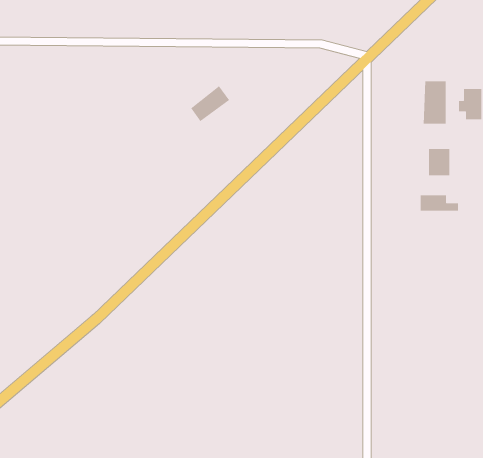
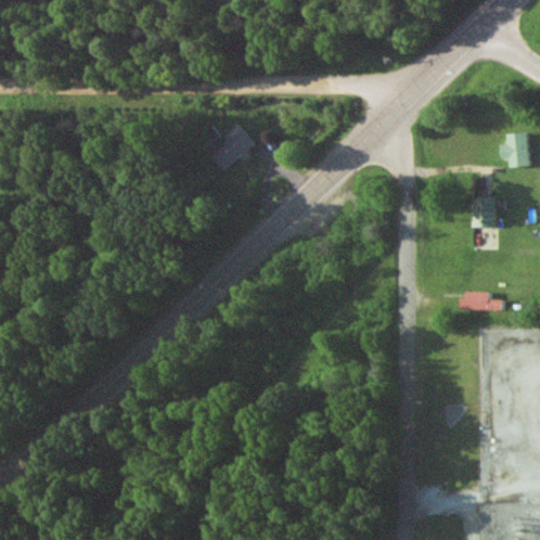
building: [423,80,447,124] -> none
building: [420,195,459,212] -> [460,291,502,309]

